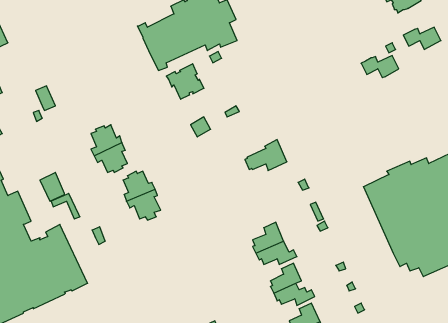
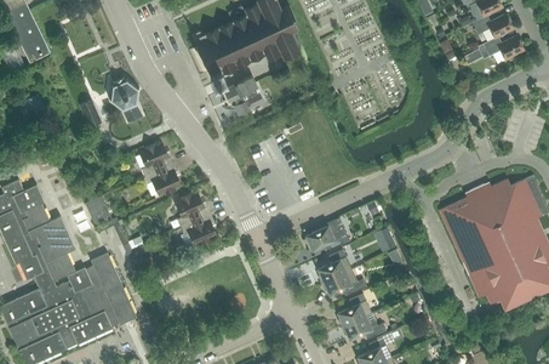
building: [361,56,399,78] -> [471,15,513,39]
building: none -> [110,78,143,124]
building: [245,140,287,171] -> [304,217,350,251]

